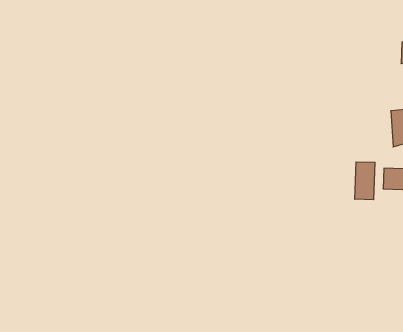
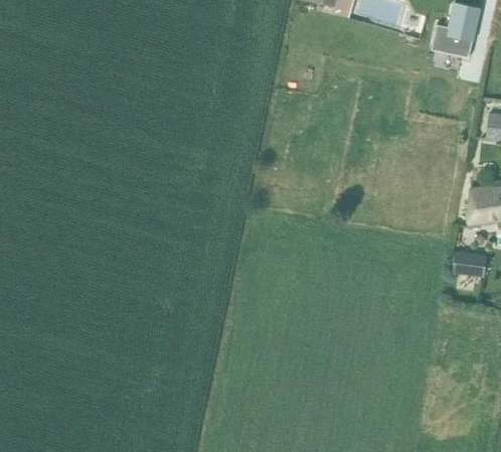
building: [355,162,375,200] -> none

